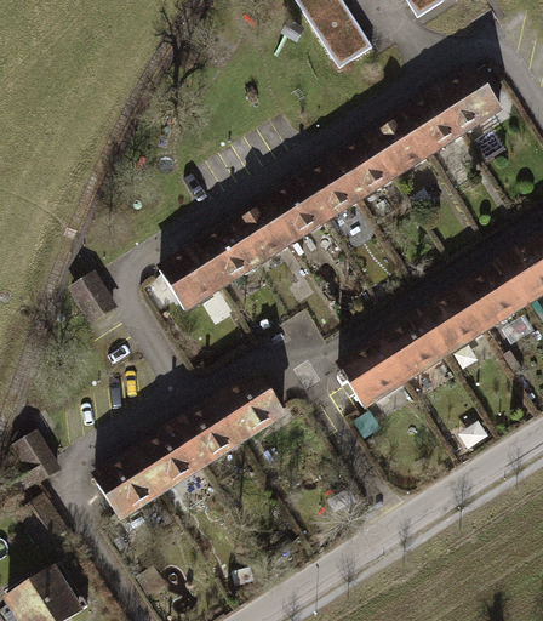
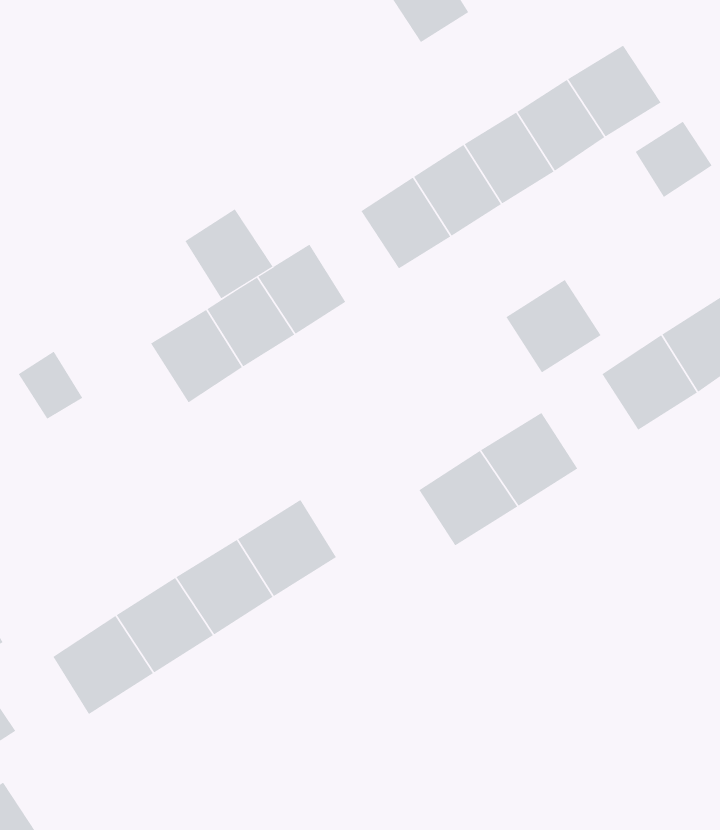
building: none -> [635,121,712,198]
building: [265,178,325,239] -> [185,209,273,299]
building: [421,287,485,351] -> [505,279,601,373]

